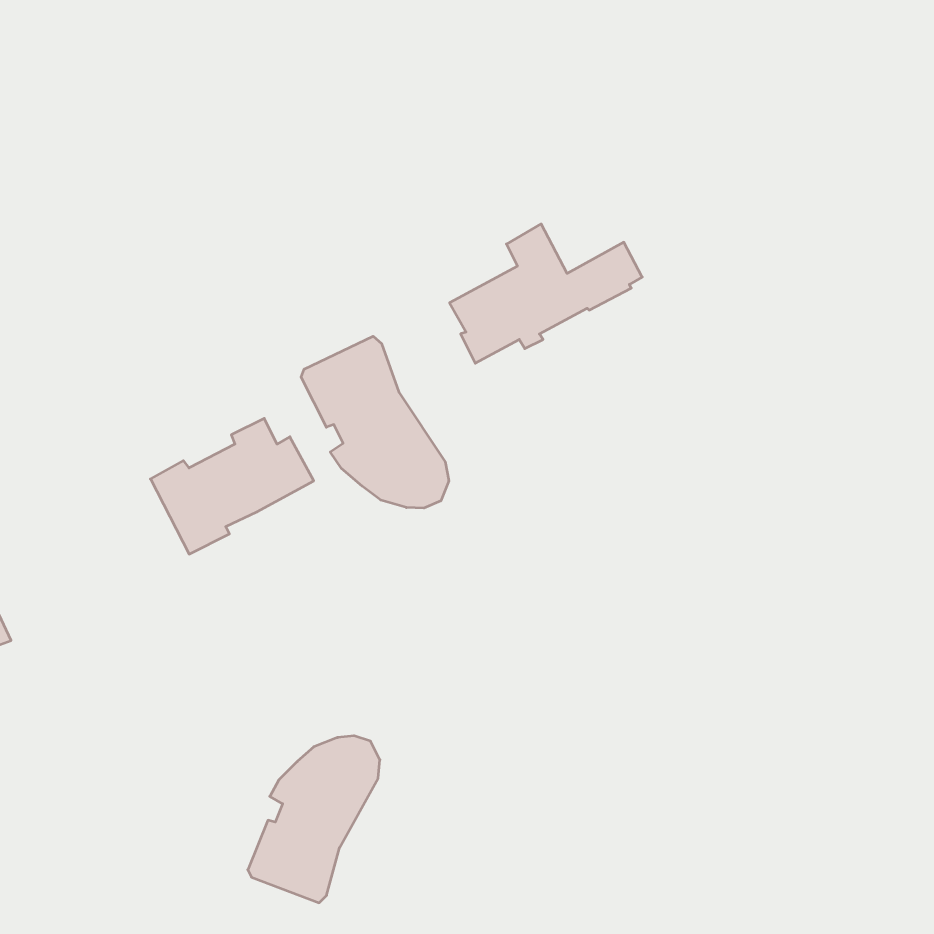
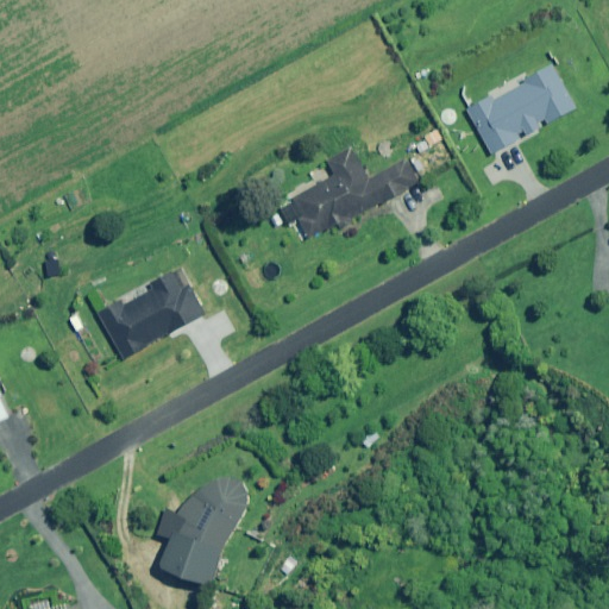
building: none -> [466,62,575,151]
building: [301,336,449,508] -> none

